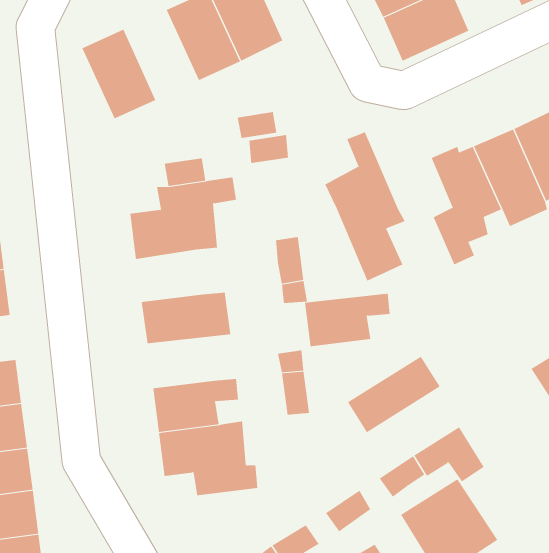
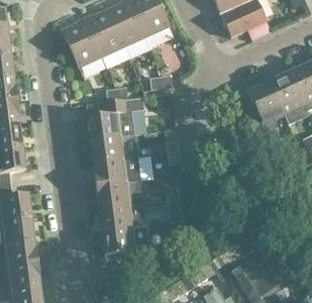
building: none -> [85,9,124,57]
building: [324,131,406,282] -> none
building: none -> [91,135,126,163]
building: [304,293,390,347] -> [97,180,142,208]
building: [347,356,441,433] -> none

